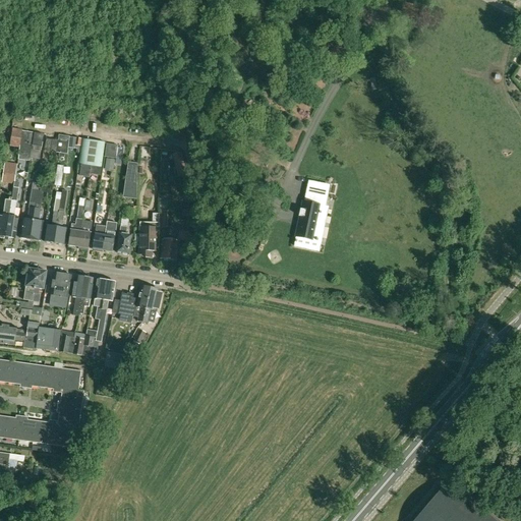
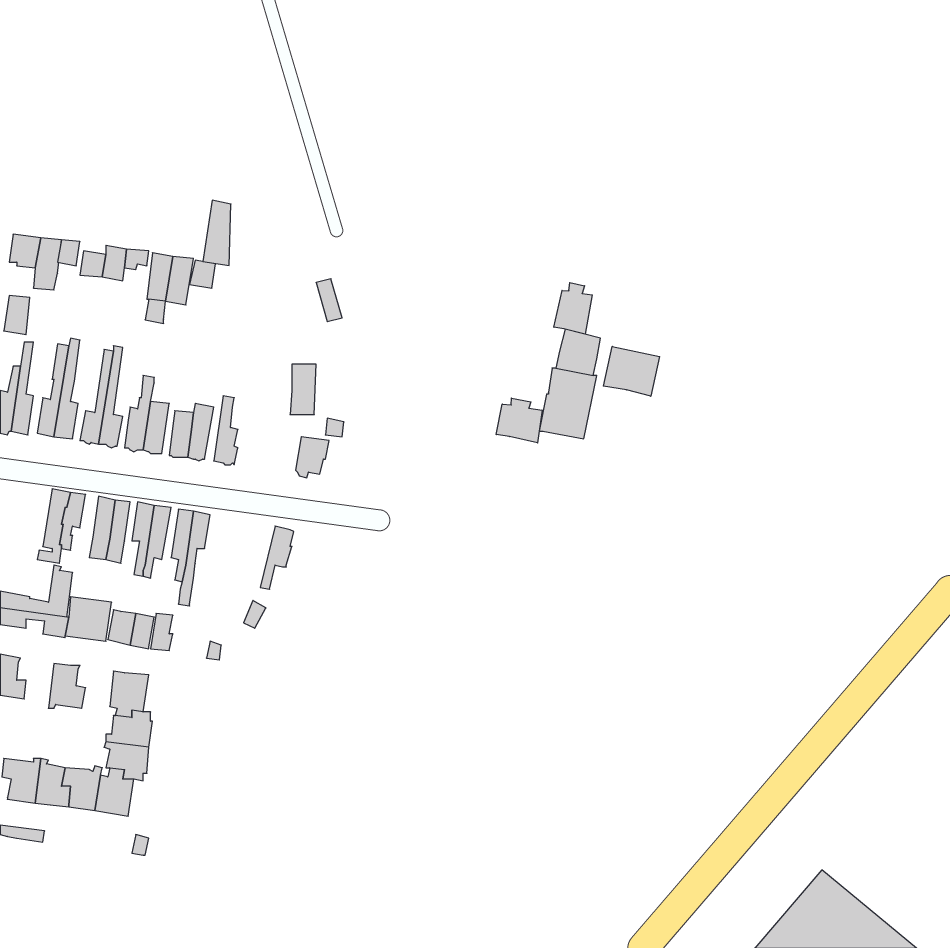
building: none -> [554,283,592,334]
building: [123,162,138,197] -> [203,200,231,265]
building: none -> [603,346,660,396]
building: [135,214,160,257] -> none
building: none -> [496,398,542,443]
building: [117,286,151,322] -> none
building: [9,360,30,388] -> none
building: [42,364,62,392] -> none

